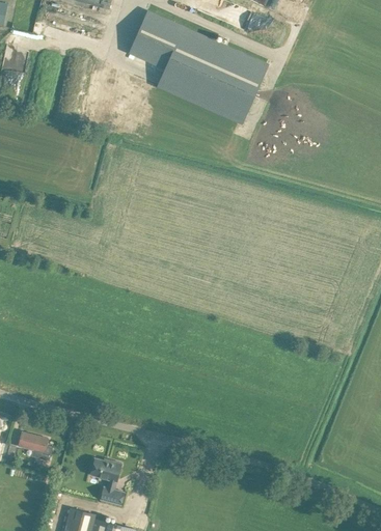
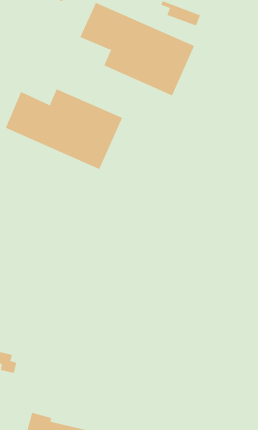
building: none -> [5,89,123,170]
building: [90,457,124,504] -> none

